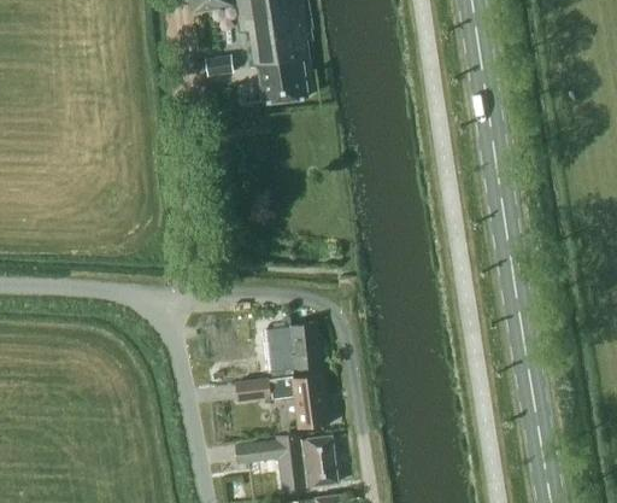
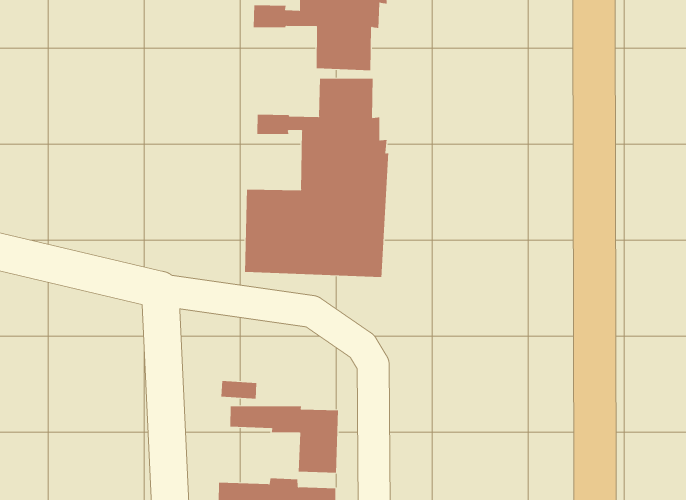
building: none -> [245,78,389,278]
building: [266,322,323,372] -> none

